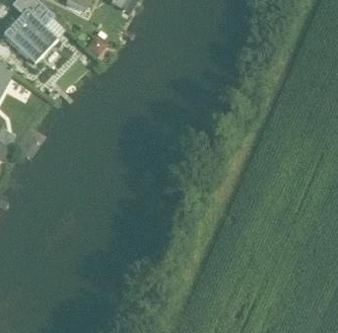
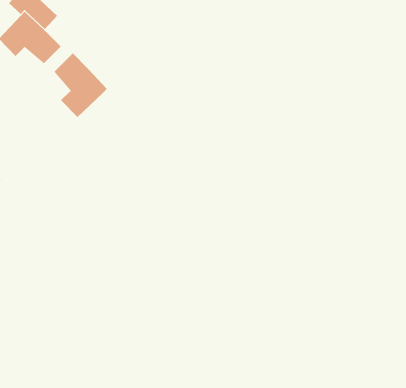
building: none -> [54,53,108,118]

